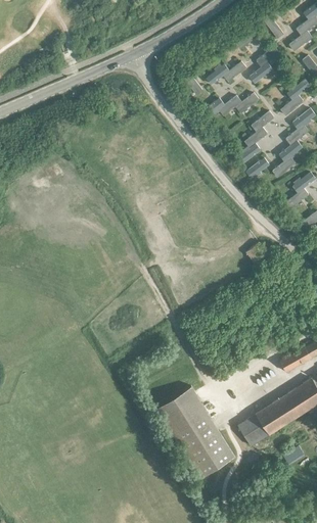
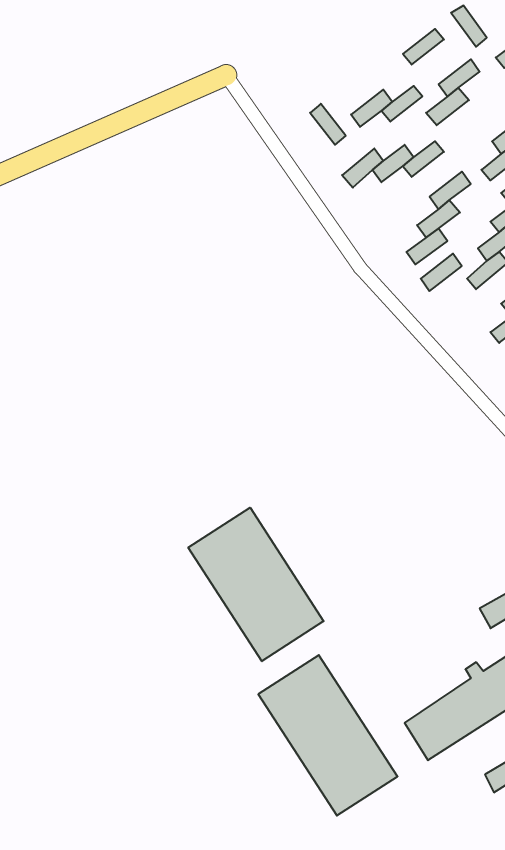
building: none -> [188,508,324,661]

